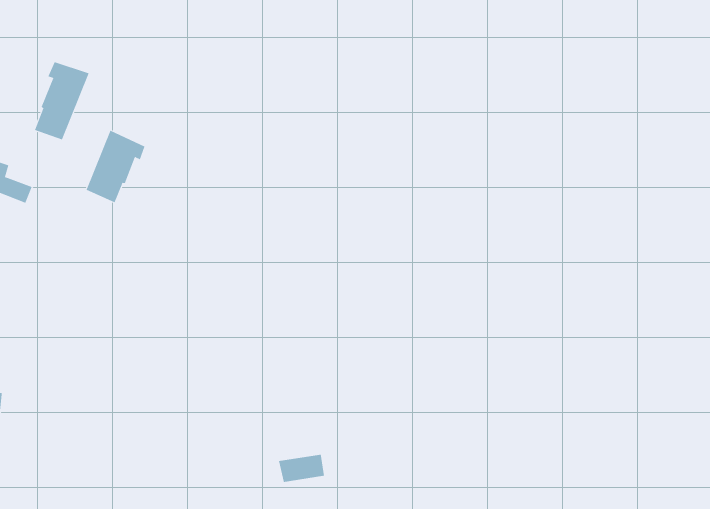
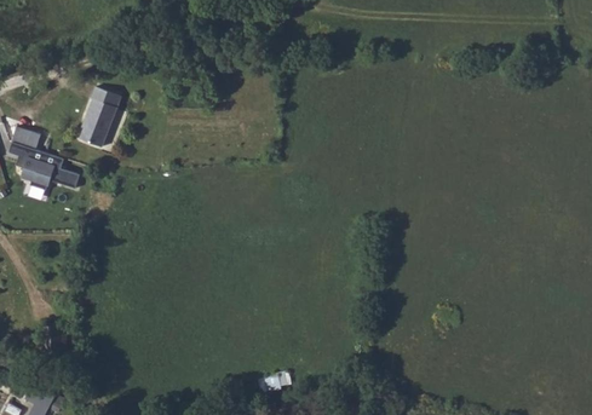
building: [86,130,145,203] -> none

